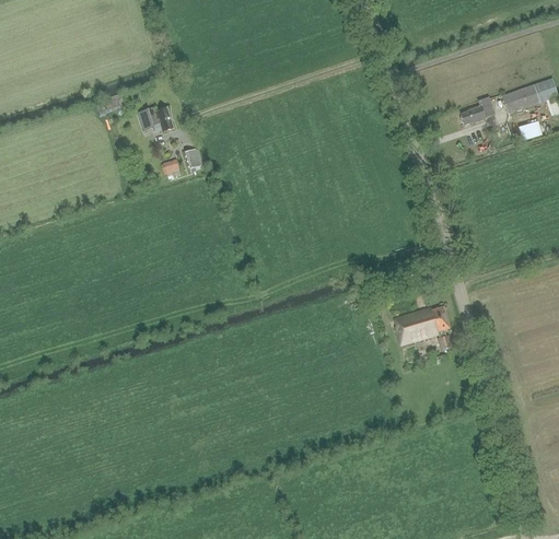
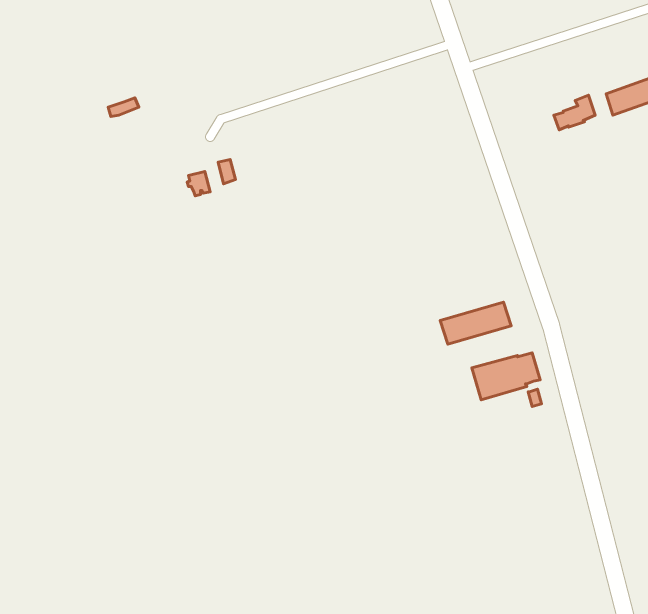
building: [138,106,172,131] -> none
building: none -> [440,302,511,344]

